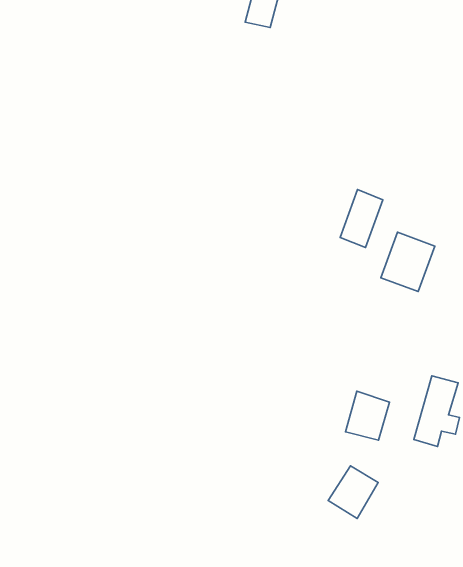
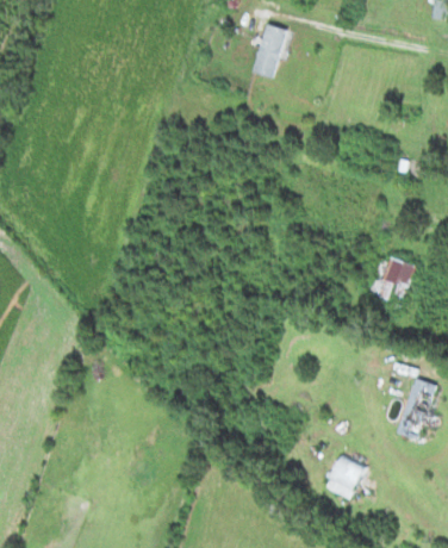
building: [340,190,383,248] -> none
building: [345,391,390,440] -> none

